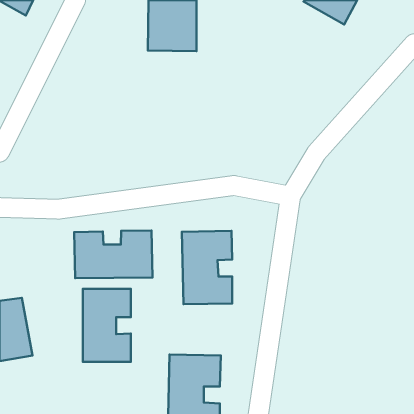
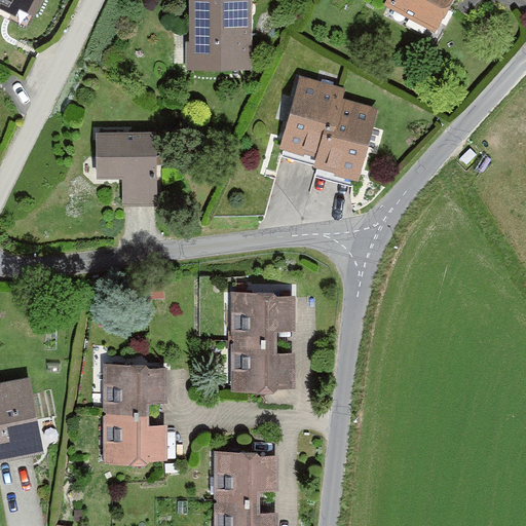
building: none -> [279,76,377,179]
building: none -> [93,133,155,203]
building: [74,231,152,278] -> none

